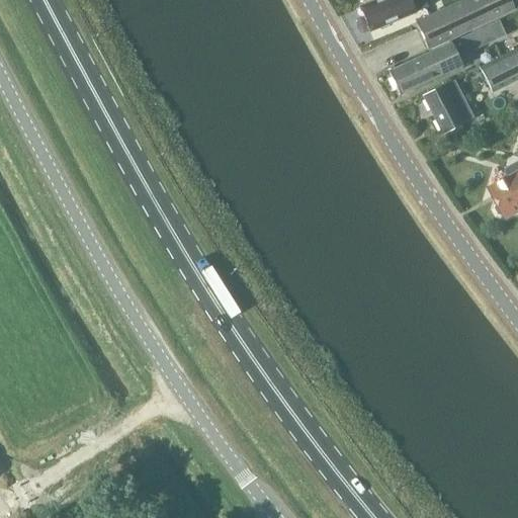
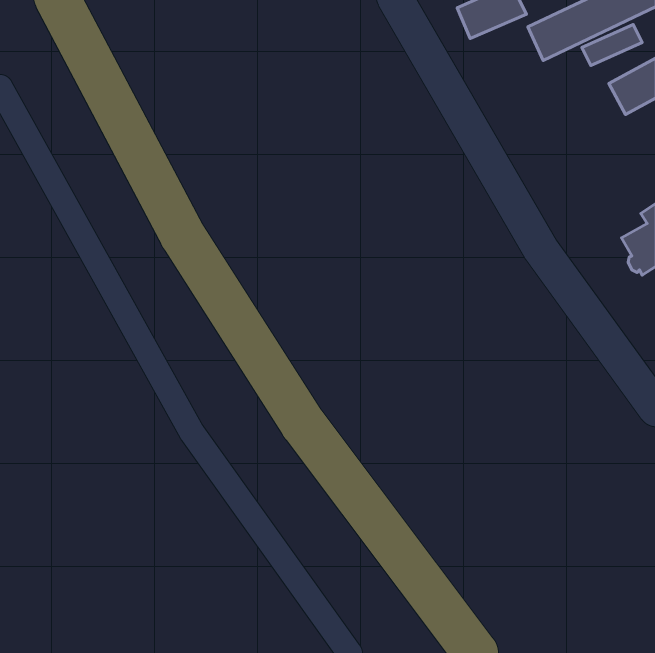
building: [390,40,463,93] -> none
building: [424,79,474,132] -> none

